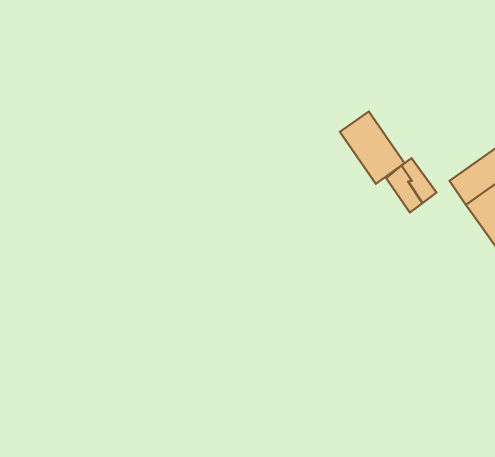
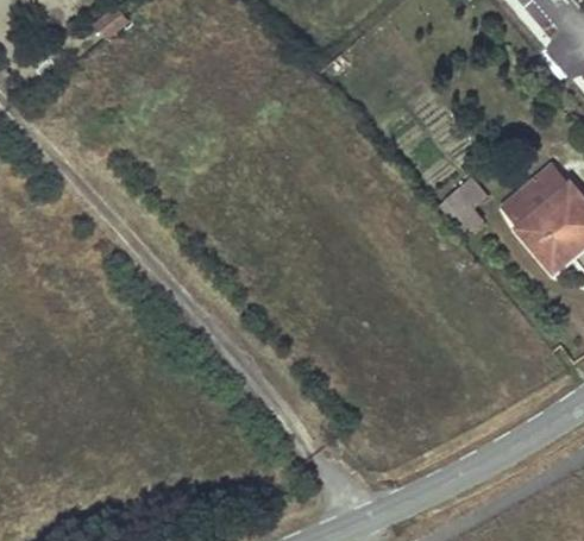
building: [340,111,405,184] -> none

